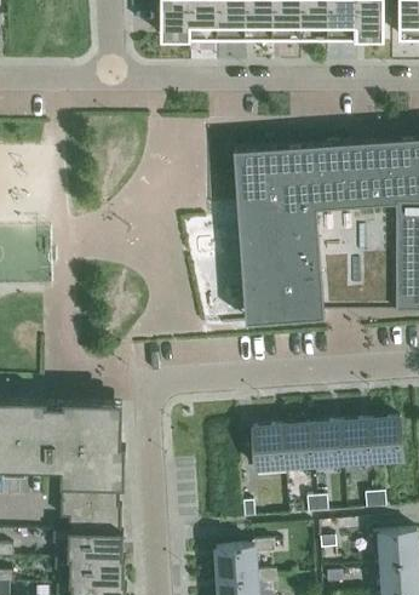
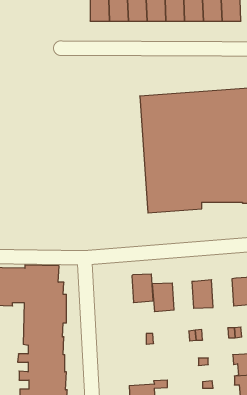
building: [340,420,373,463] -> none
building: [282,424,314,467] -> [132,274,153,303]
building: [216,540,274,579] -> none

